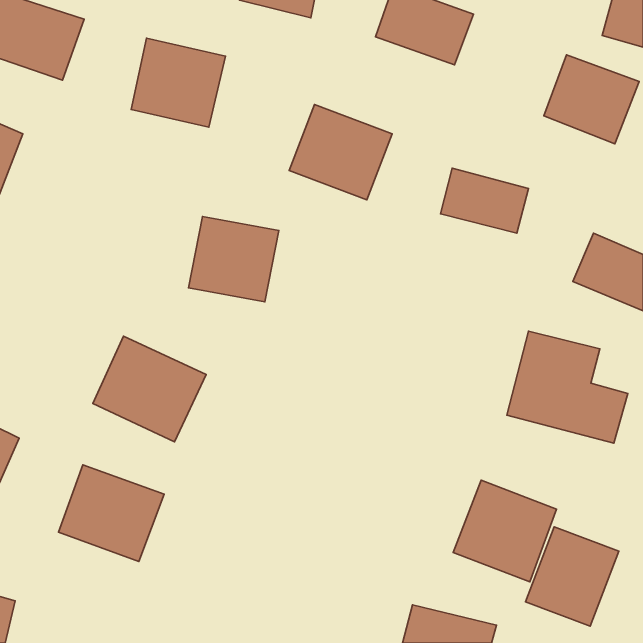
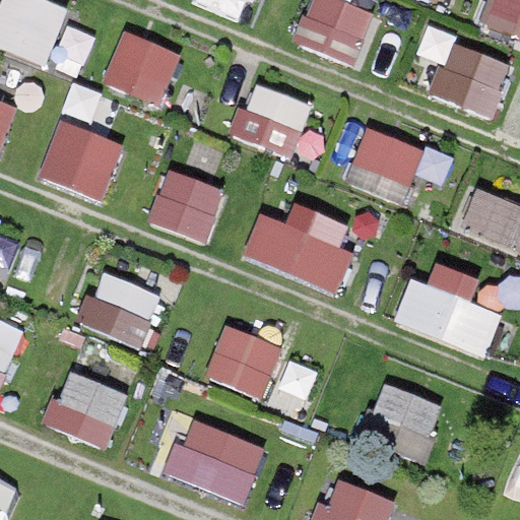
building: none -> [37,117,124,198]
building: none -> [241,216,353,298]
building: none -> [205,323,286,398]
building: [525,527,619,626] -> none
building: none -> [170,421,265,502]

